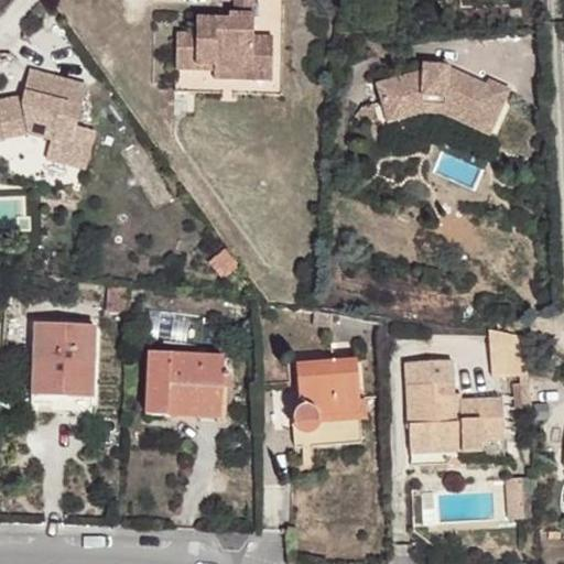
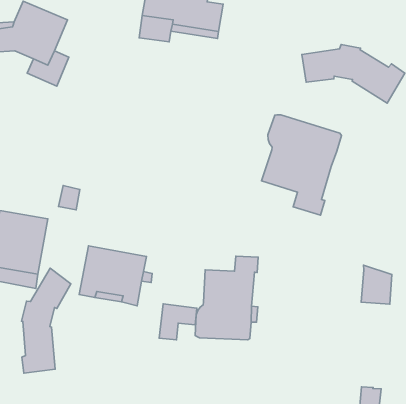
building: none -> [261,115,342,215]
building: [405,360,503,453] -> none
building: none -> [21,268,71,373]
building: none -> [159,304,197,340]

